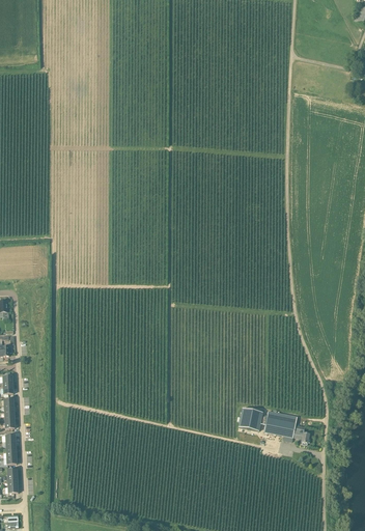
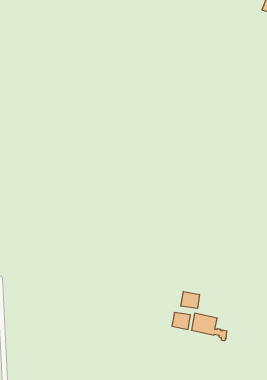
building: none -> [181,291,200,308]

